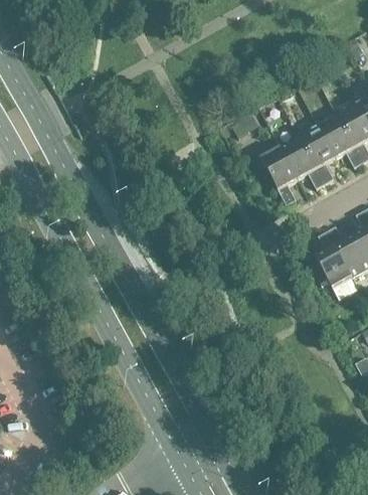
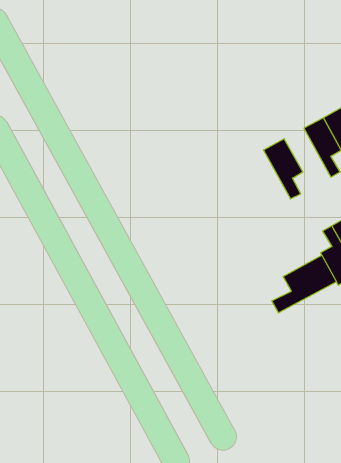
building: [281,136,326,187] -> none
building: none -> [272,255,337,313]

